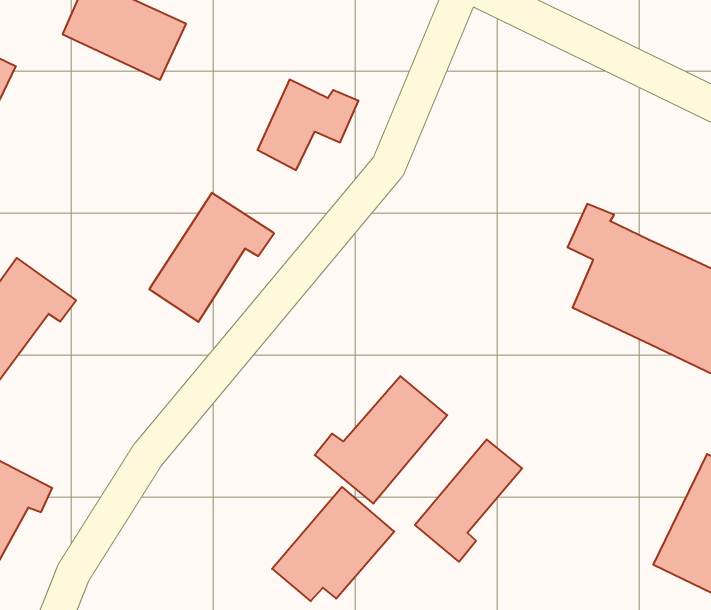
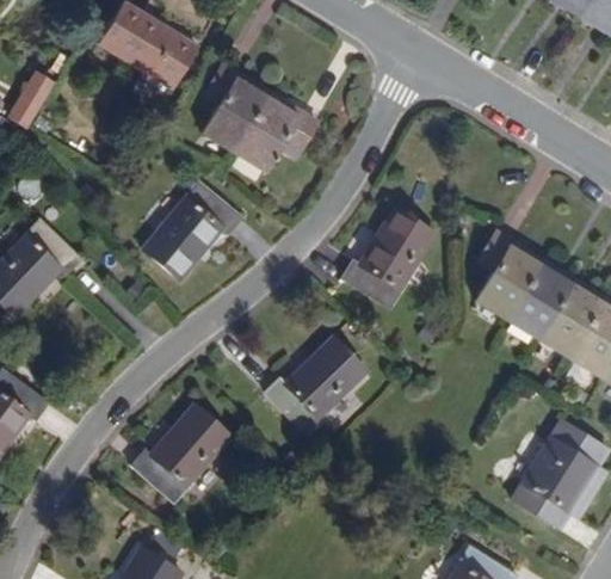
building: none -> [209,63,272,152]
building: none -> [338,210,434,312]
building: [415,439,522,562] -> none
building: [272,487,394,601] -> [137,389,236,476]

